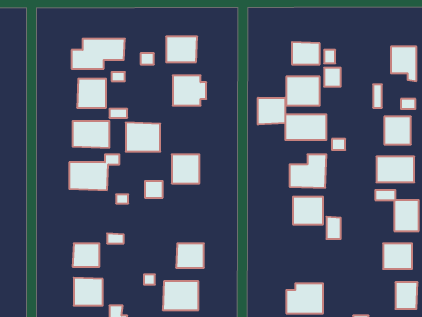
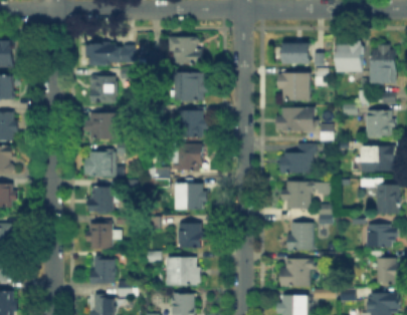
building: none -> [338,41,361,72]
building: [258,98,285,125] -> none
building: [126,123,160,152] -> [175,108,206,134]
building: none -> [178,185,204,210]
building: none -> [92,188,116,212]
building: none -> [286,224,314,250]

